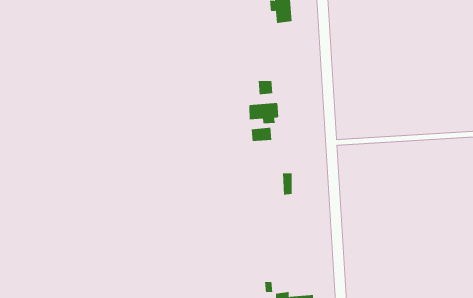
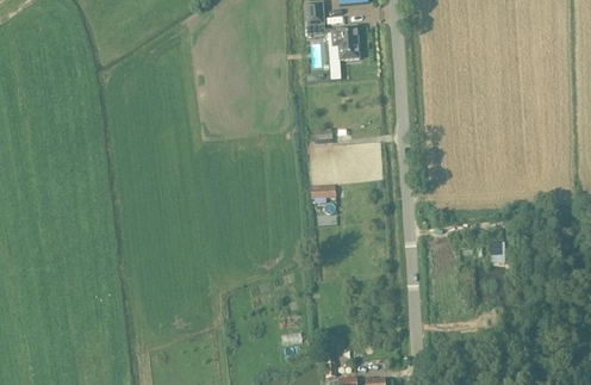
building: [248,102,280,124] -> none

